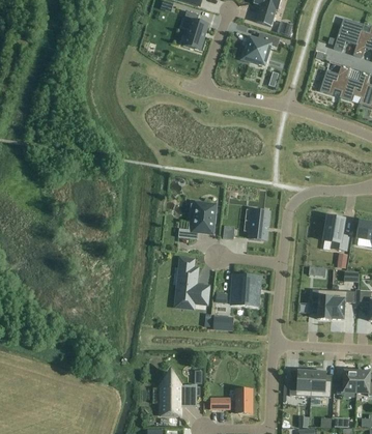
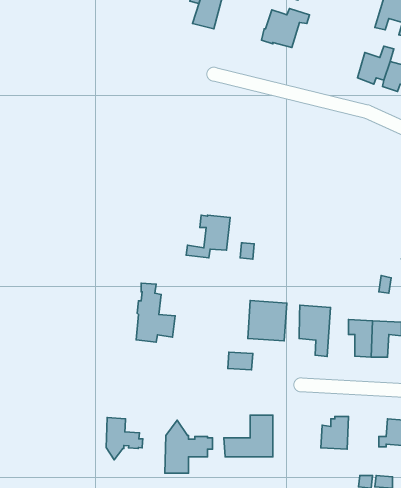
building: [248,213,269,240] -> none
building: [322,214,349,251] -> none
building: [176,259,208,308] -> [136,283,175,342]
building: none -> [299,305,331,356]
building: [311,369,332,397] -> none
building: none -> [106,418,143,460]

